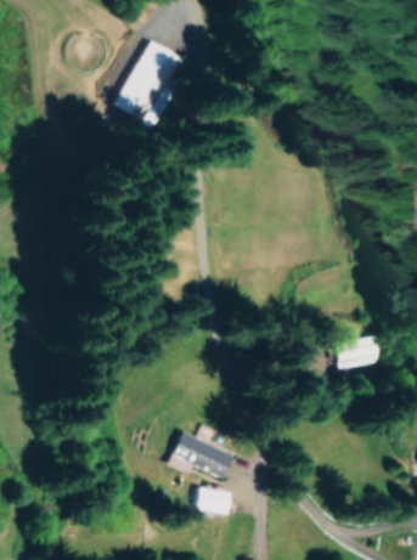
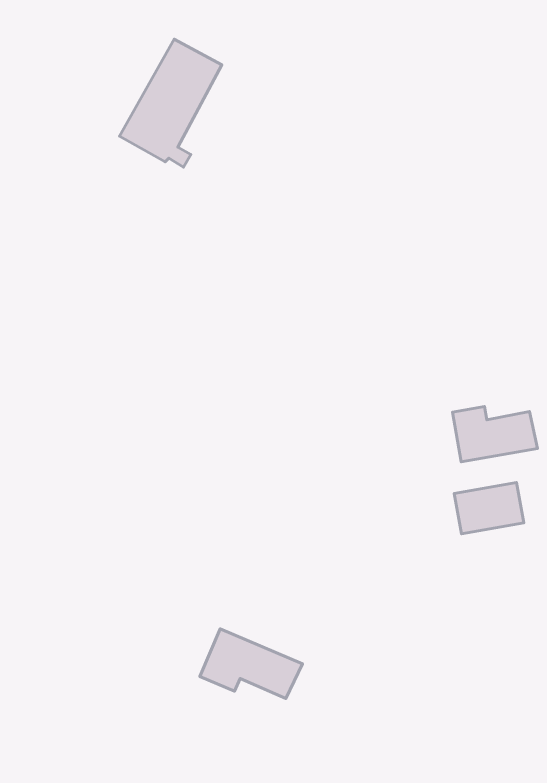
building: none -> [452,406,537,462]
building: [193,486,230,514] -> none

